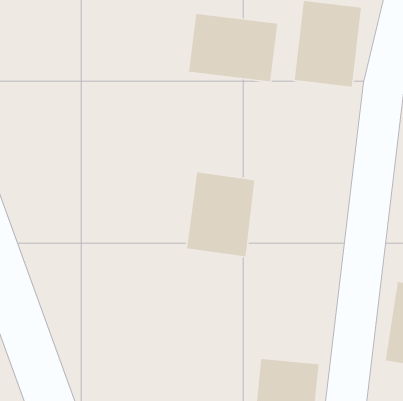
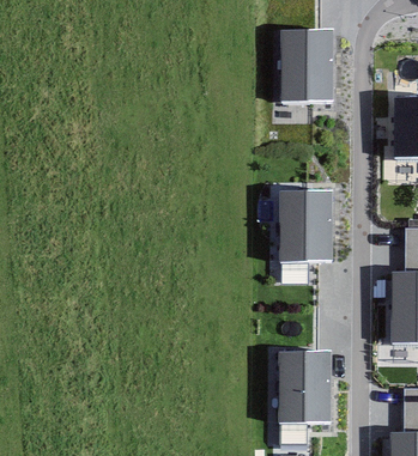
building: [188,13,278,82] -> none
building: [186,171,255,257] -> [279,190,333,261]

